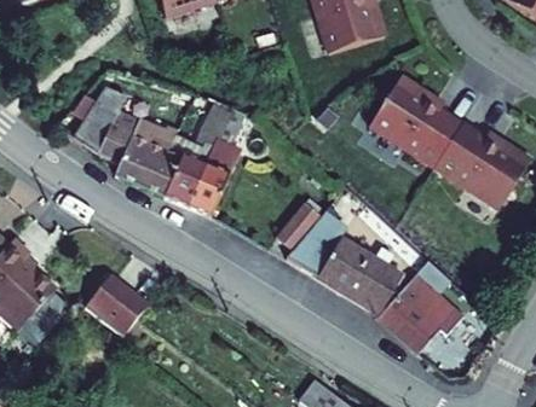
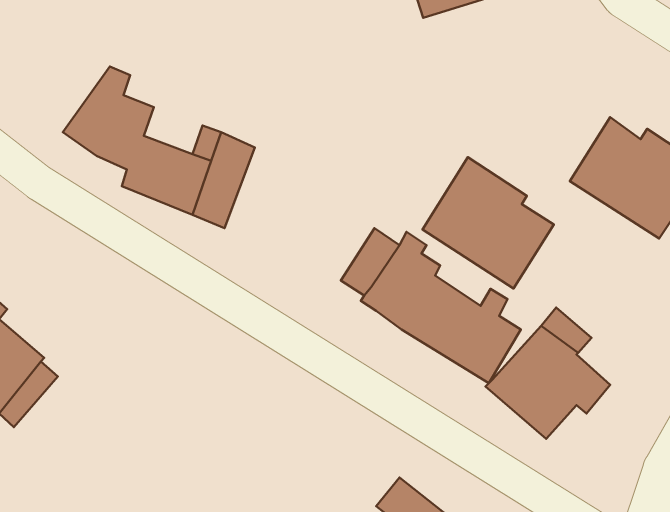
building: [370,74,465,168] -> [422,157,554,288]
building: [188,104,238,210] -> none
building: [86,275,148,336] -> none

